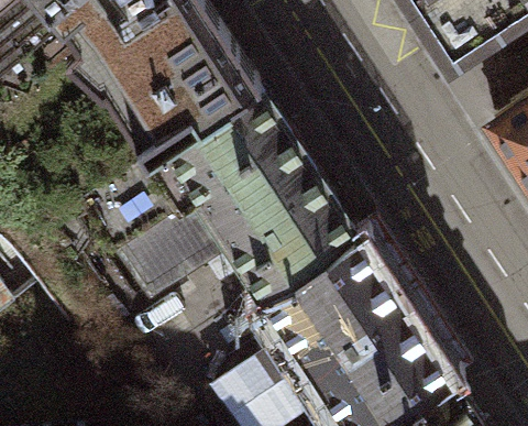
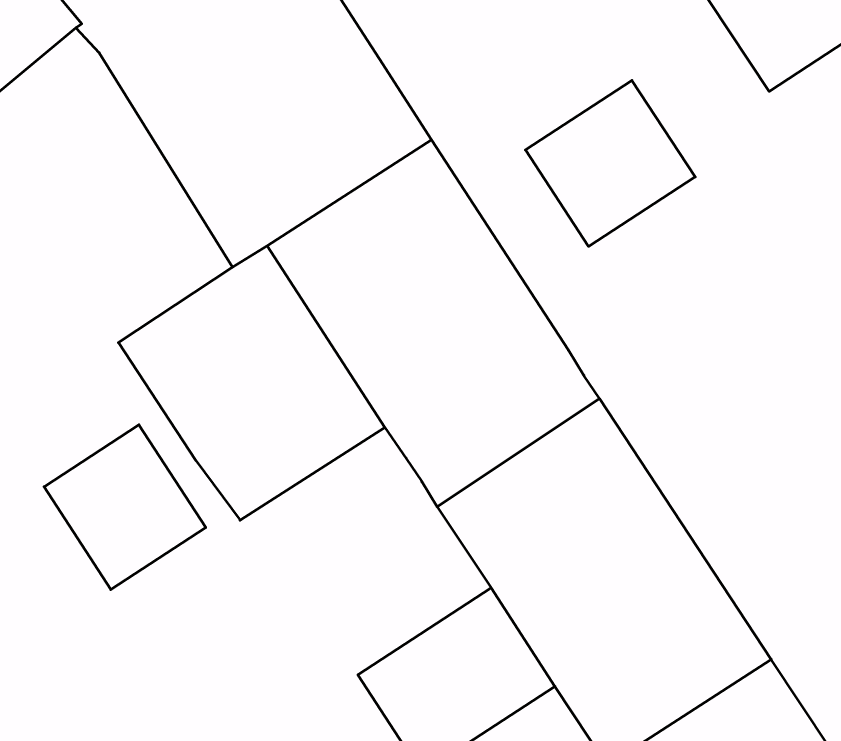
building: none -> [525,80,695,246]
building: none -> [44,425,206,590]

